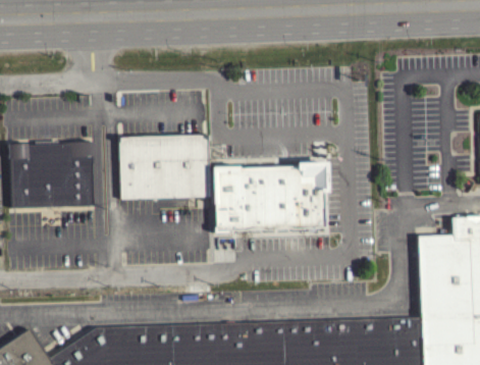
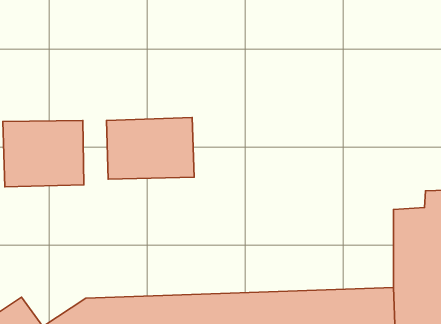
building: [211,168,325,233] -> none

